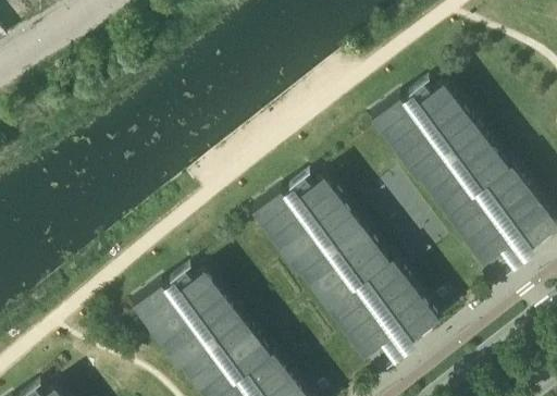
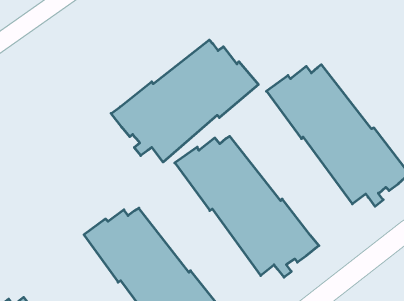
building: none -> [111,40,258,162]

